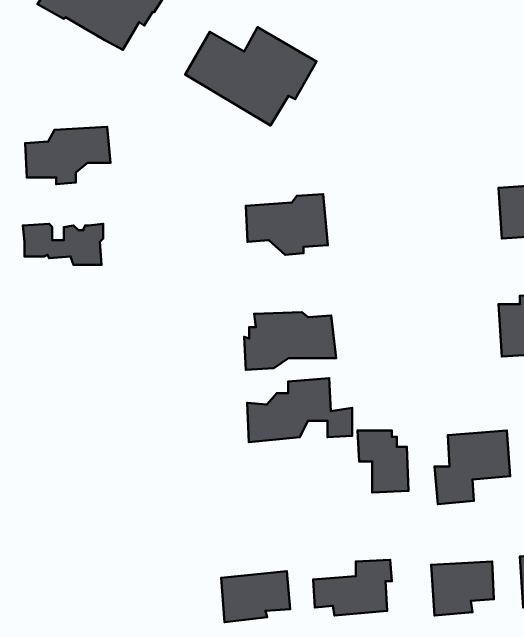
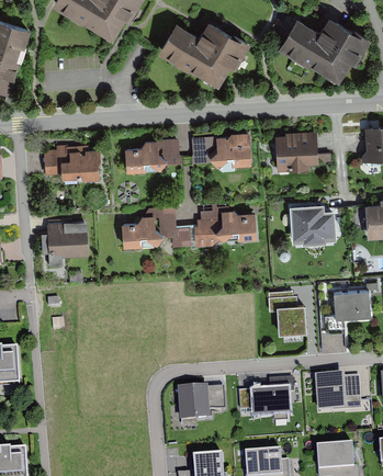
building: none -> [278,16,365,81]
building: [25,127,110,184] -> [124,138,181,177]
building: none -> [275,132,331,172]
building: none -> [289,205,335,245]
building: none -> [46,223,89,268]
building: [247,378,352,442] -> [121,207,191,250]

